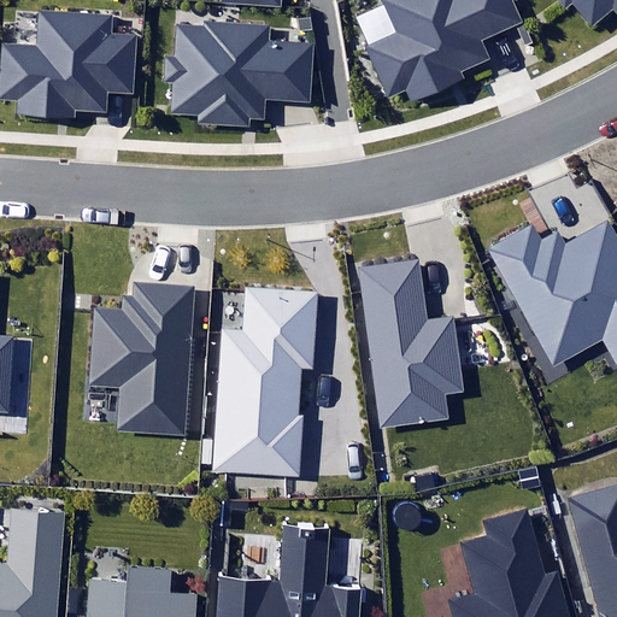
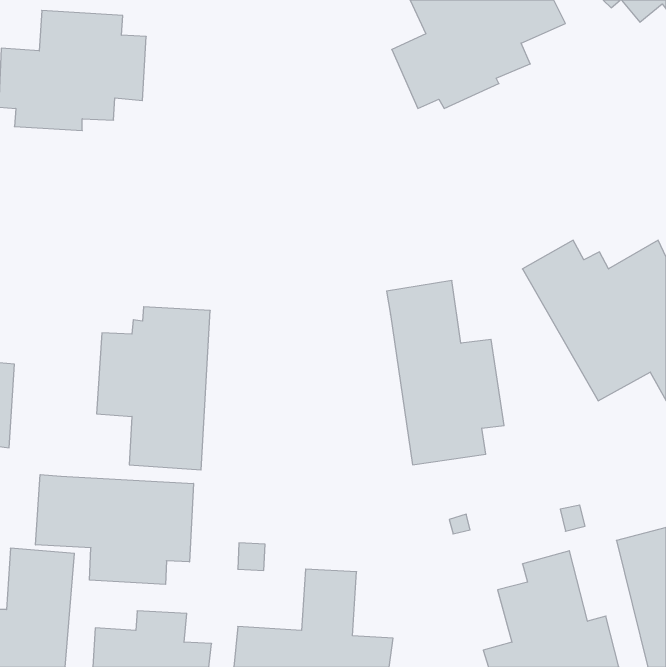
building: [163,20,313,125] -> none
building: [210,283,318,478] -> none
building: none -> [36,475,193,584]

